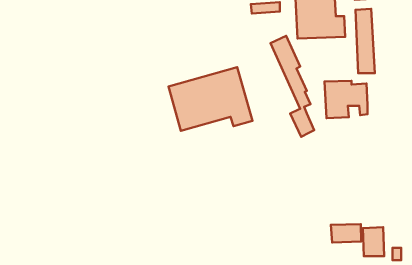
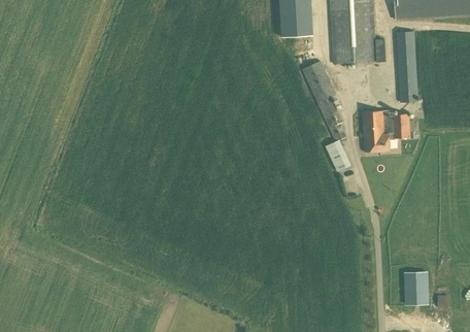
building: [168,67,253,131] -> none
building: [331,224,361,242] -> none

